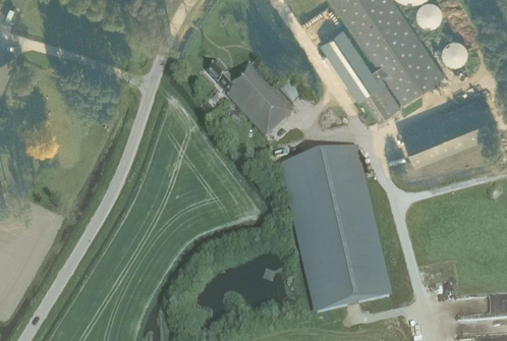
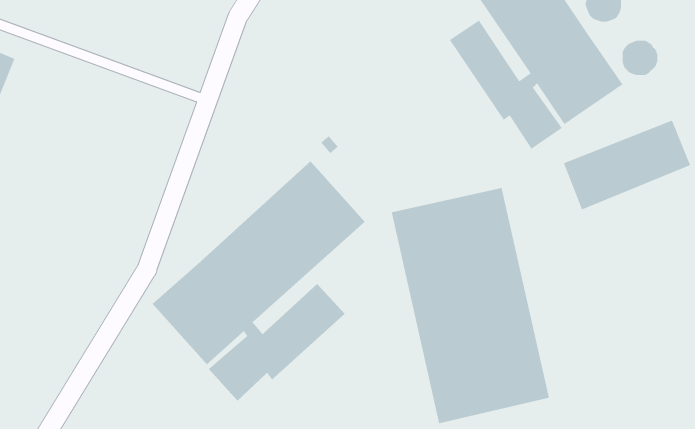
building: [208,62,294,137] -> none
building: none -> [152,160,365,402]

